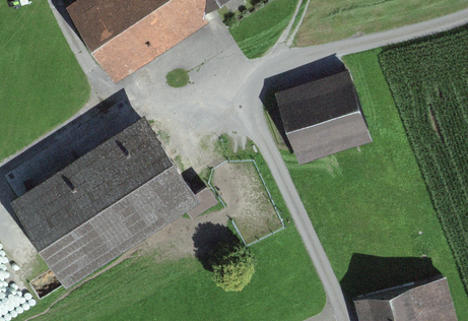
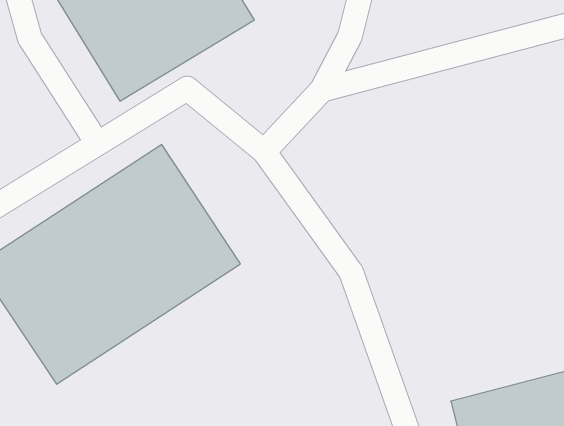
building: [272,69,372,166] -> none

